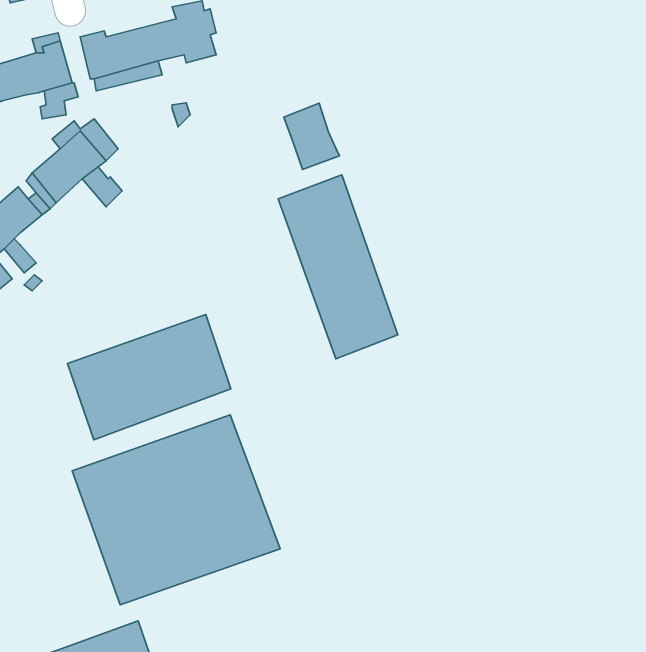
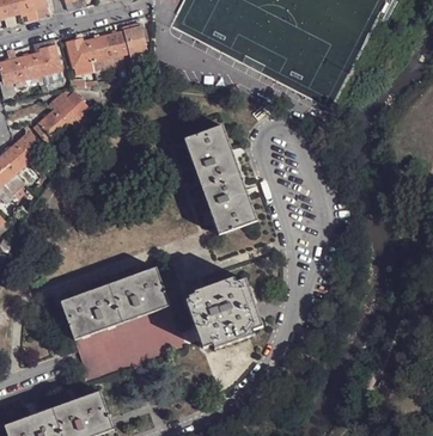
building: [284,103,339,169] -> none
building: [67,314,231,440] -> none
building: none -> [185,277,262,348]

